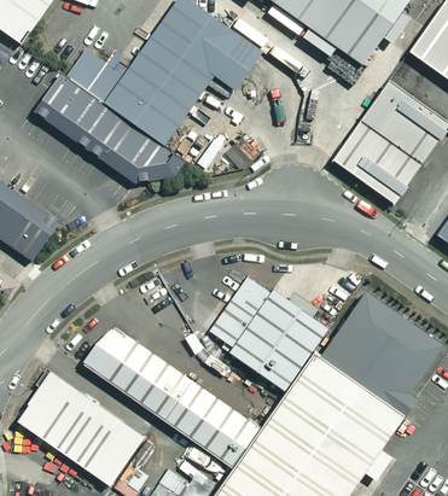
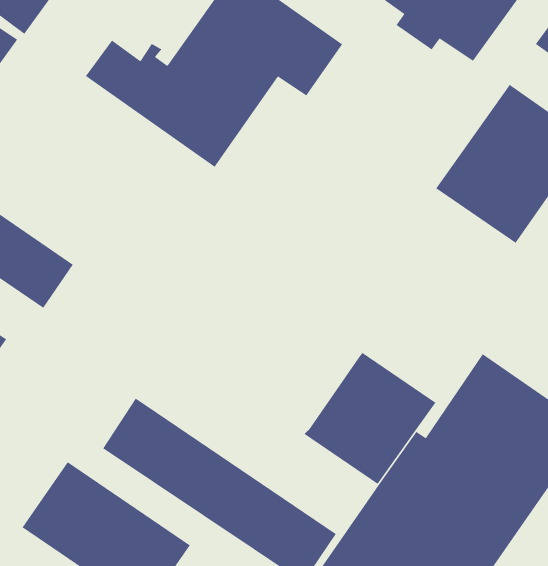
building: [33,74,186,183] -> none
building: [211,274,273,345] -> none

